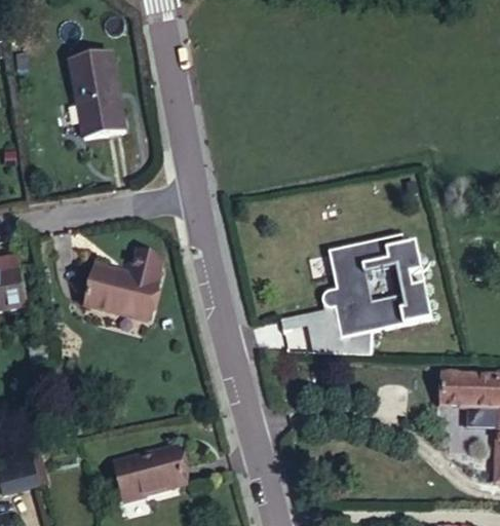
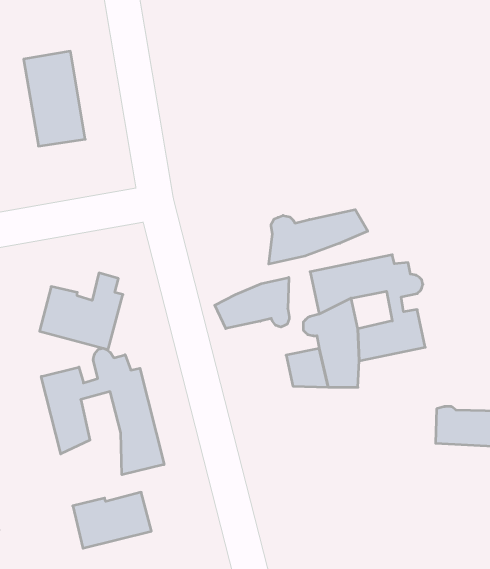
building: none -> [269,210,368,264]
building: none -> [215,277,289,329]
building: none -> [41,348,164,475]

